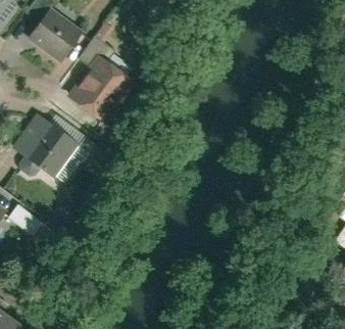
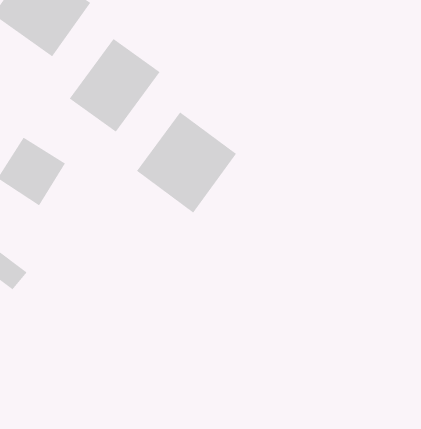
building: none -> [136,111,237,213]

